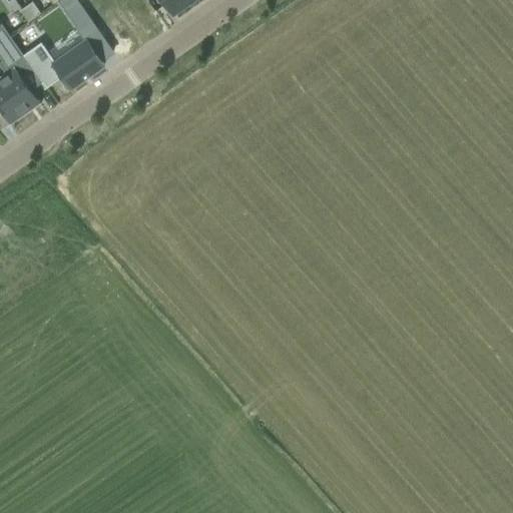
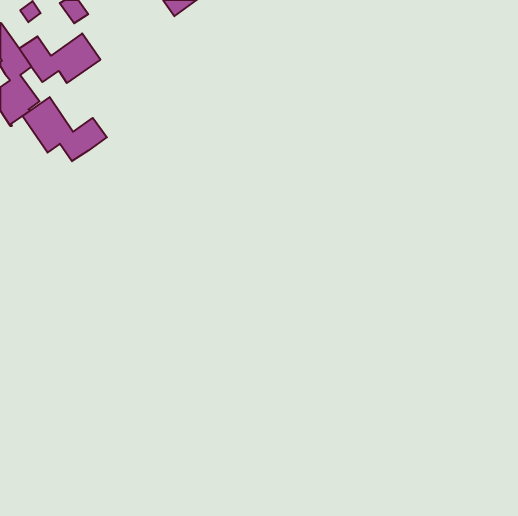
building: none -> [22,97,107,161]

